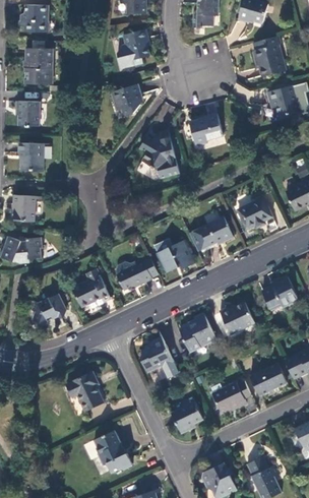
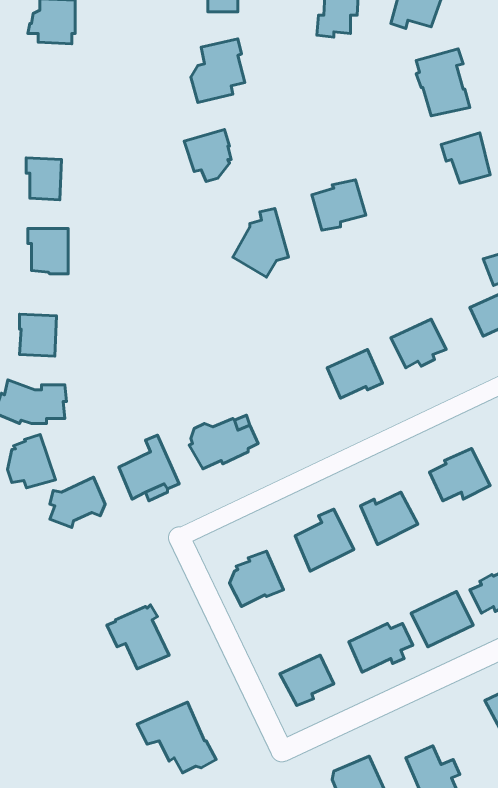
building: [24,47,51,83] -> none
building: [158,241,193,271] -> none
building: none -> [7,434,55,488]

